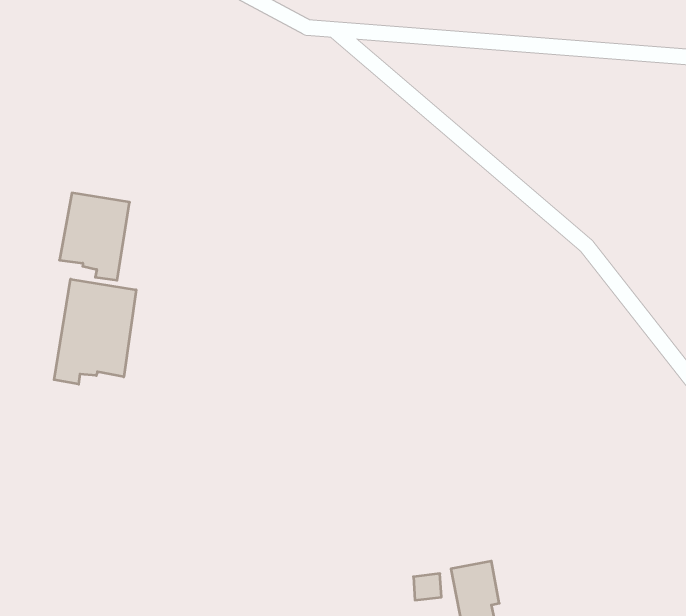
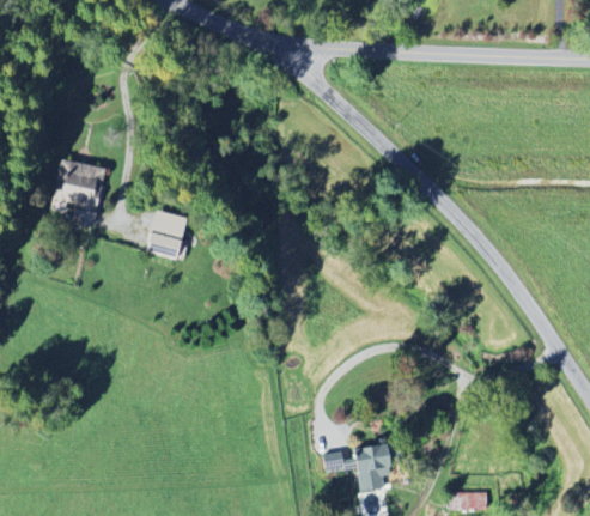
building: none -> [144,210,193,260]
building: [54,279,136,384] -> none

